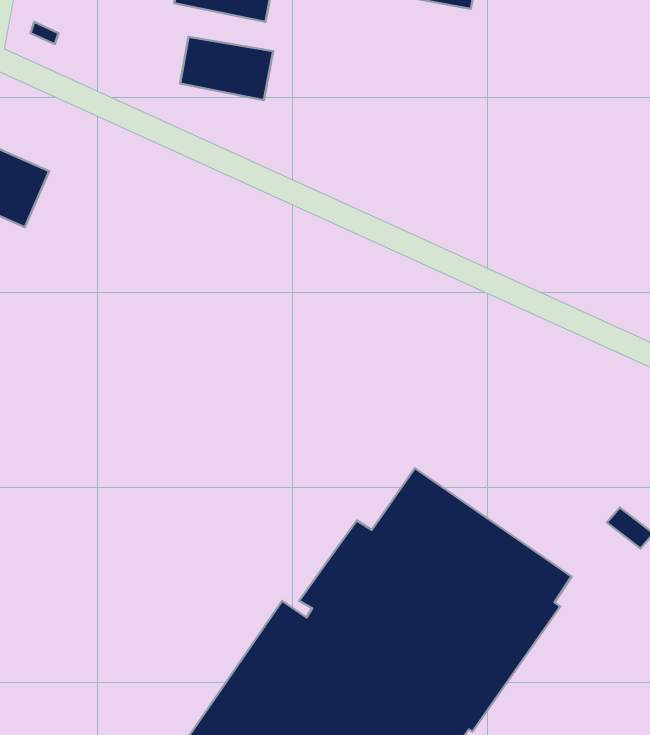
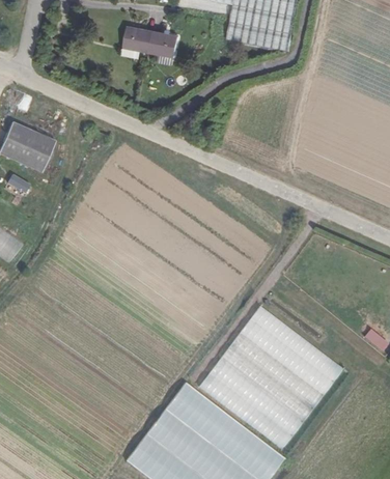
building: [180,37,273,100] -> none

